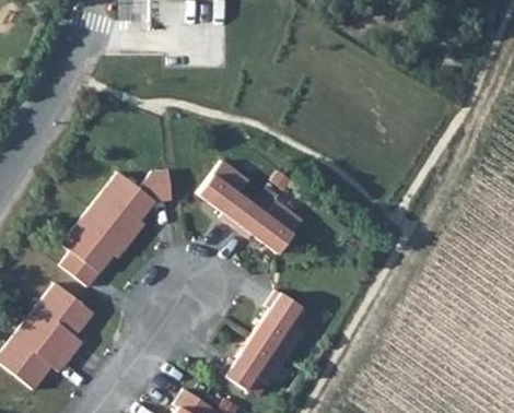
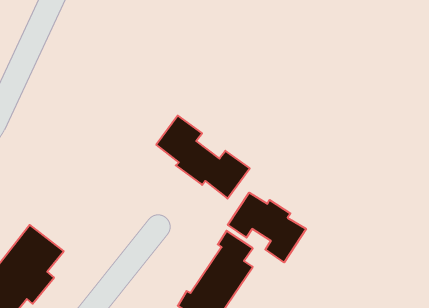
building: [61,169,173,287] -> none
building: none -> [228,193,306,262]

